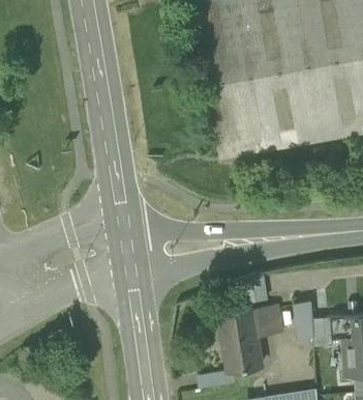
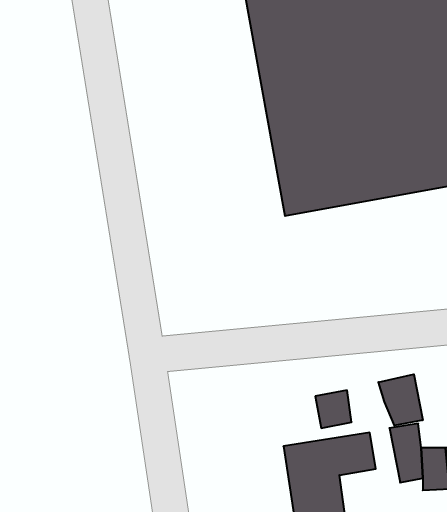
building: none -> [378,374,423,426]

